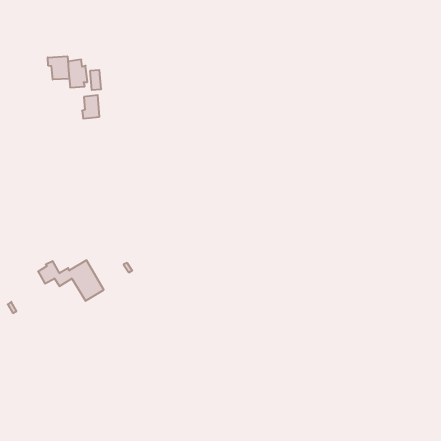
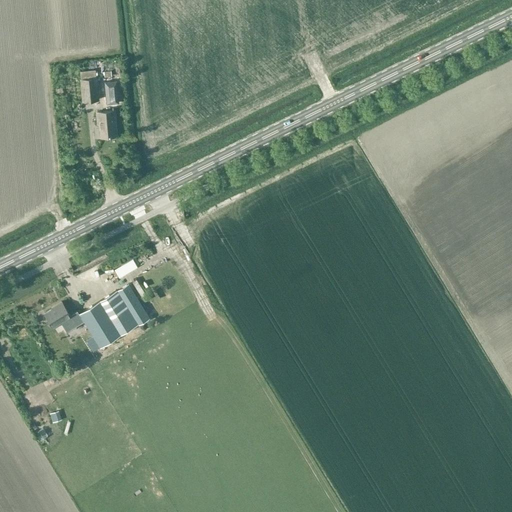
building: [48,56,69,80] -> none
building: none -> [100,283,148,336]

